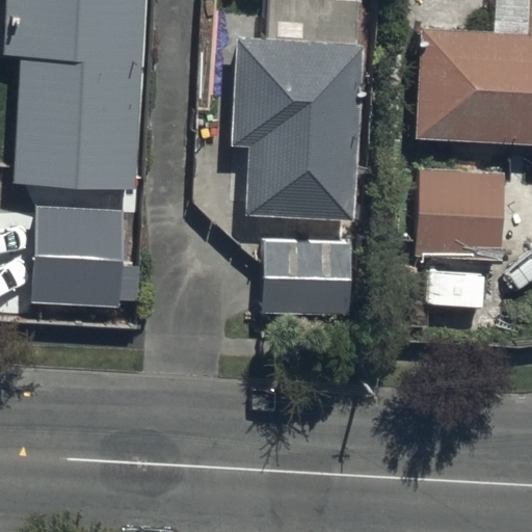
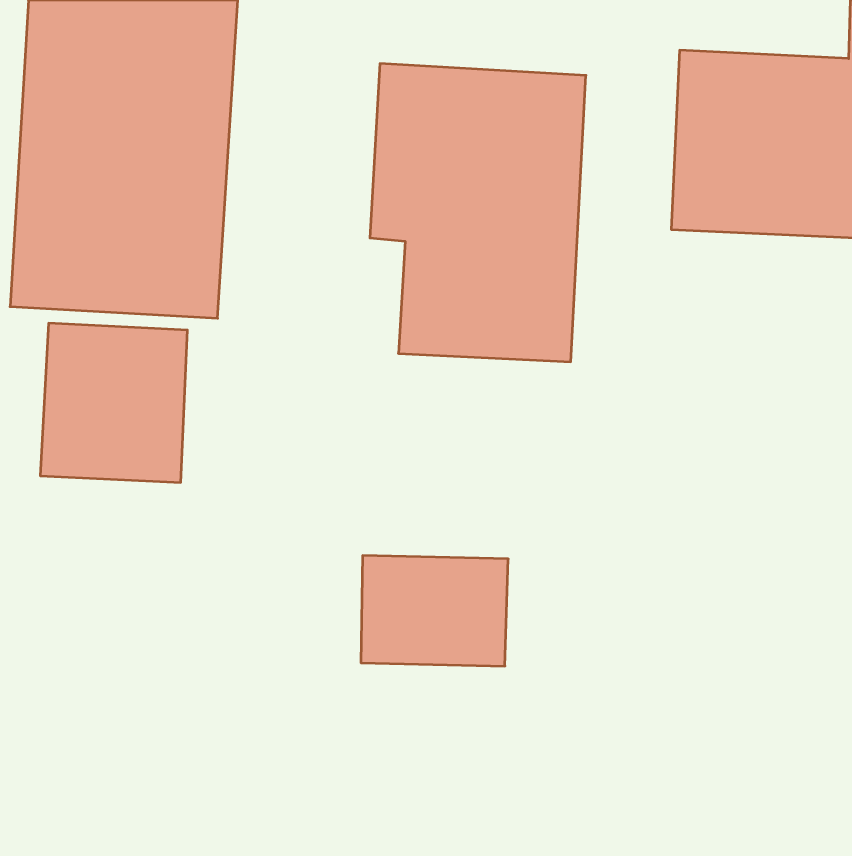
building: [410,159,499,254] -> none
building: [256,234,347,302] -> [361,556,508,666]

